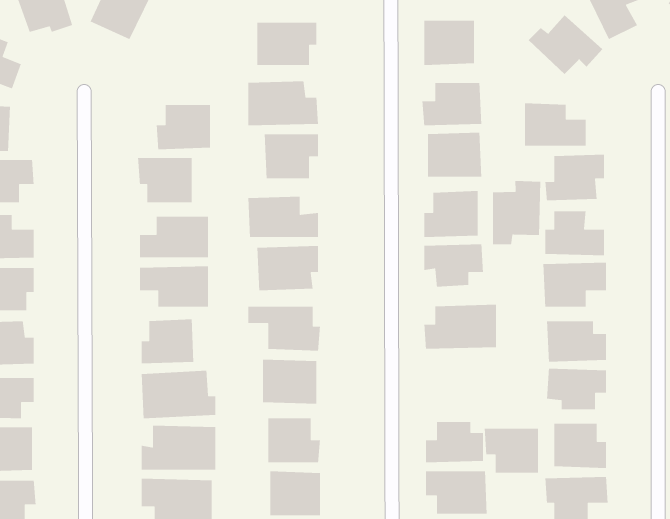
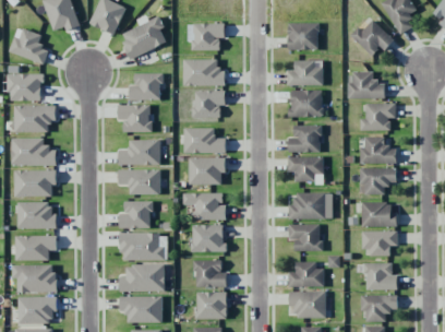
building: none -> [120,16,167,59]
building: [492,180,541,245] -> none
building: [484,428,539,474] -> [288,224,321,251]

